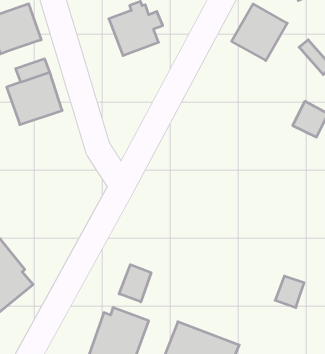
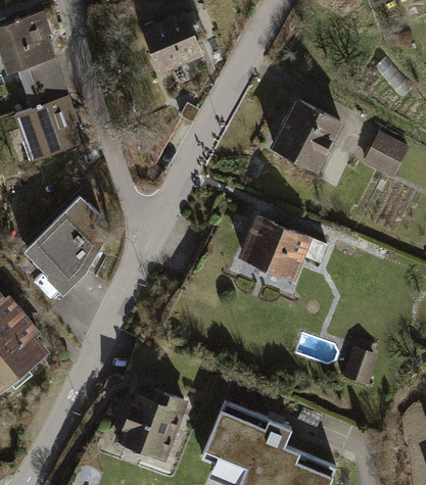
building: [232,4,287,61] -> [273,99,341,168]
building: none -> [16,56,60,91]
building: none -> [23,197,108,294]
building: none -> [240,215,328,277]
building: [119,265,151,302] -> none

